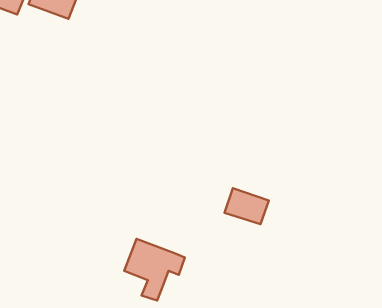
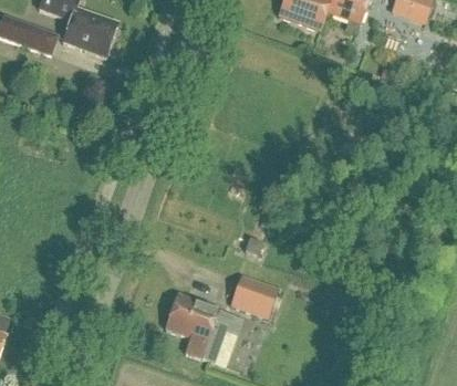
building: [225,188,269,224] -> [229,275,277,314]

